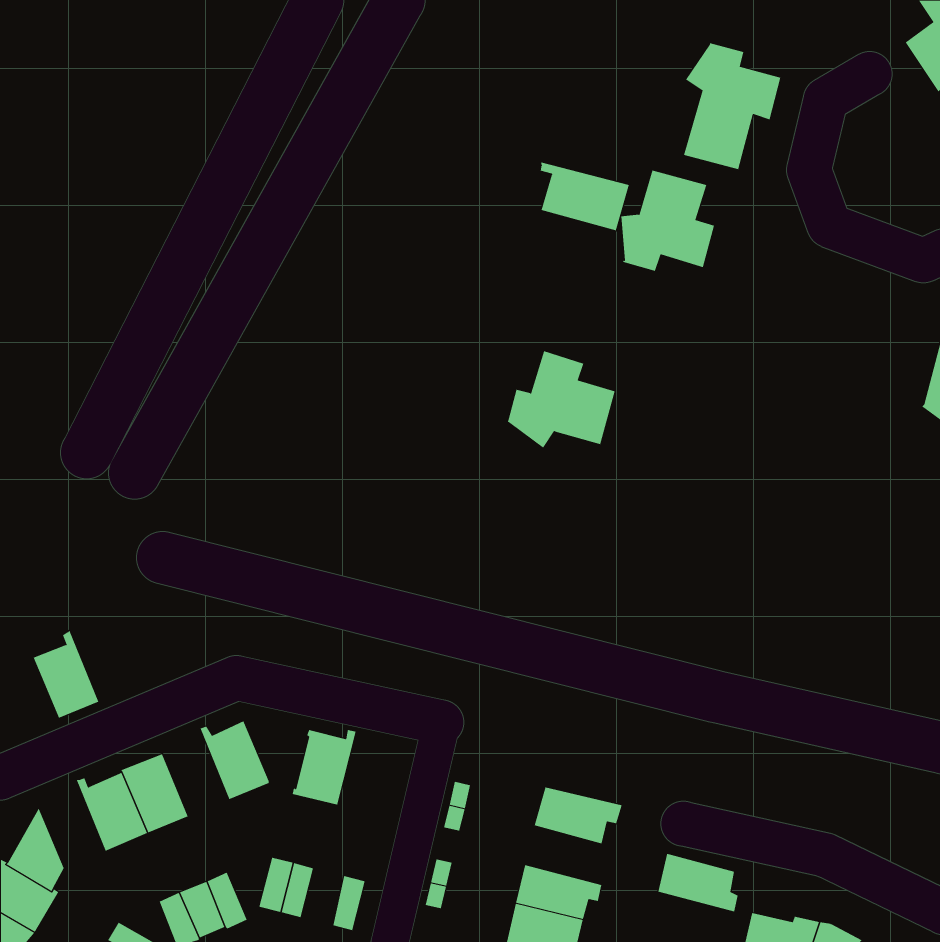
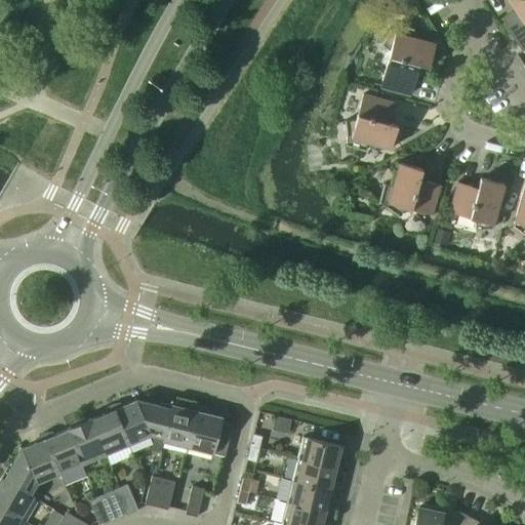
building: [540,161,630,231] -> none
building: none -> [450,178,504,231]
building: [507,350,615,448] -> [380,163,441,217]
building: [33,630,99,718] -> [24,434,60,483]
building: none -> [137,401,173,439]
building: none -> [92,405,129,454]
building: none -> [190,407,234,457]
building: [657,853,739,912] -> [293,459,338,492]

